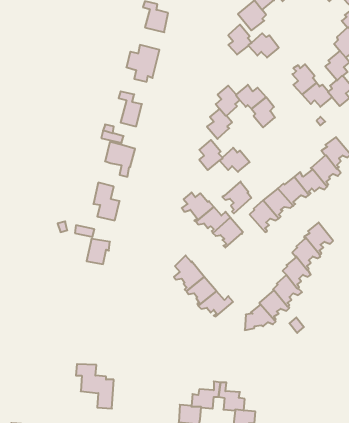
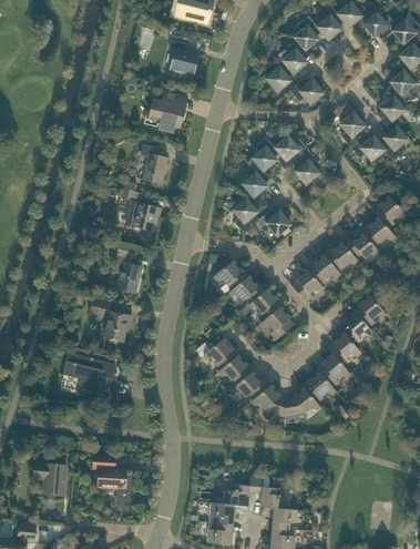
building: [222,181,251,213] -> [260,306,294,343]
building: none -> [64,356,116,394]
building: none -> [252,385,286,417]
building: none -> [34,464,65,495]

